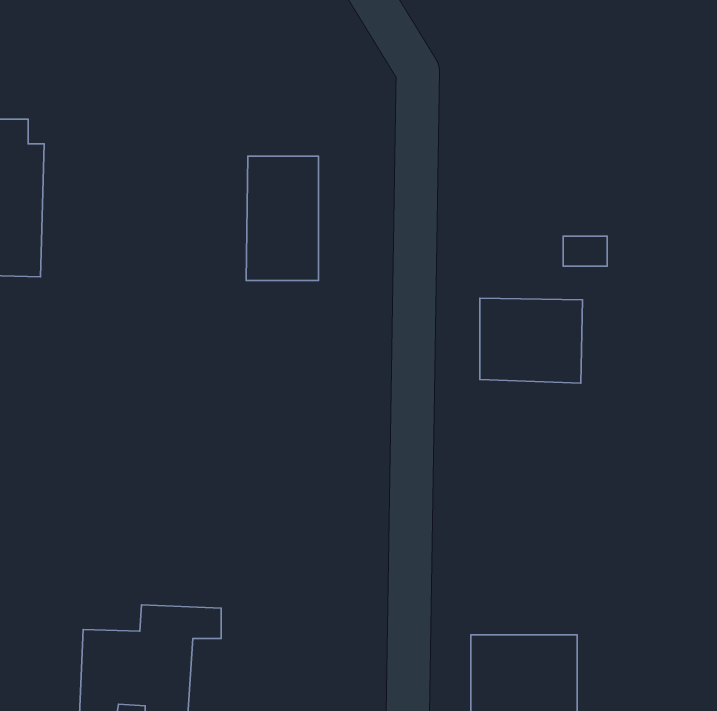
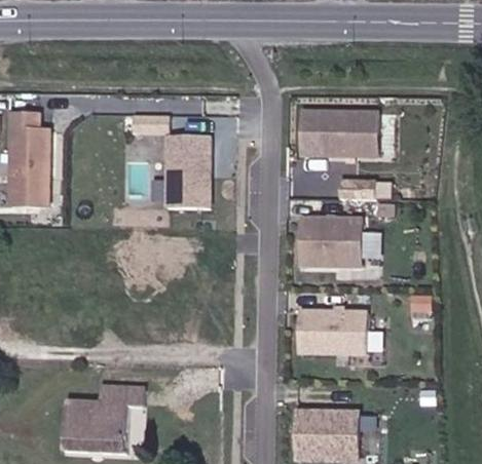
building: none -> [302,109,376,154]
building: none -> [298,311,367,354]

